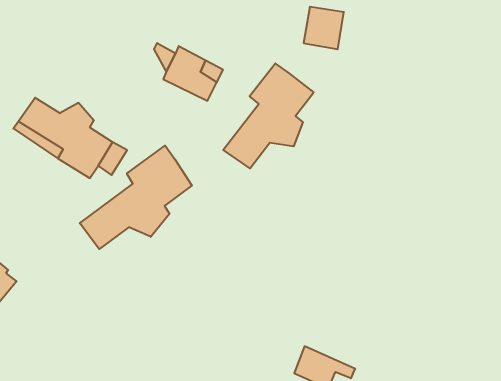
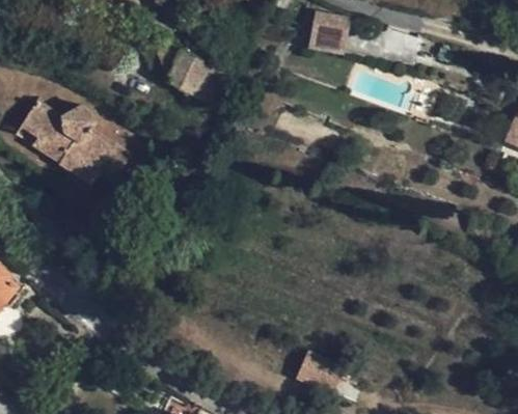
building: [223,63,314,168] -> none
building: [80,146,192,249] -> none

